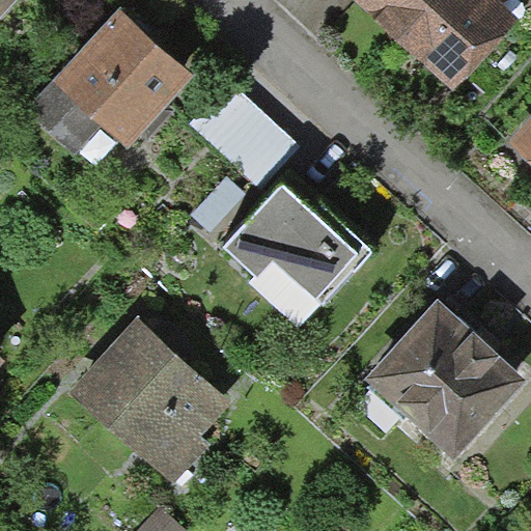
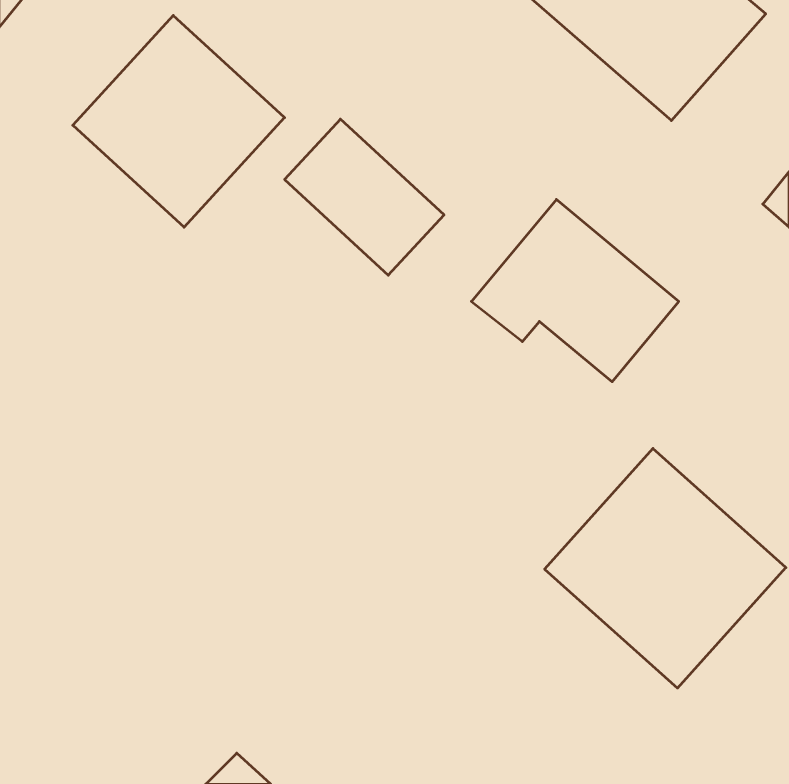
building: [223,184,362,306] -> [471,199,679,382]
building: [67,314,232,486] -> none

